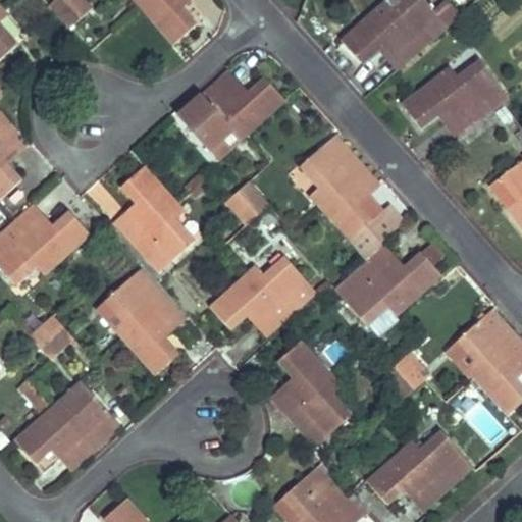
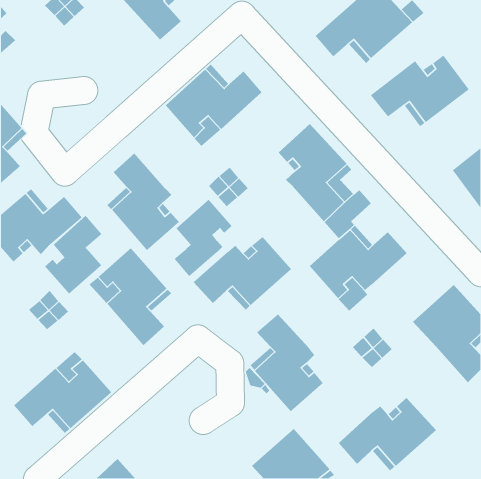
building: none -> [174,199,233,277]
building: none -> [44,215,102,295]

